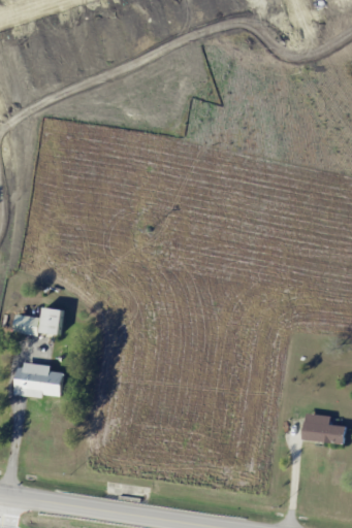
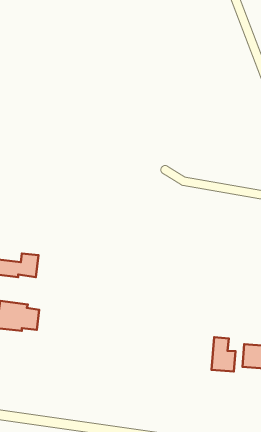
building: none -> [212,337,235,371]

